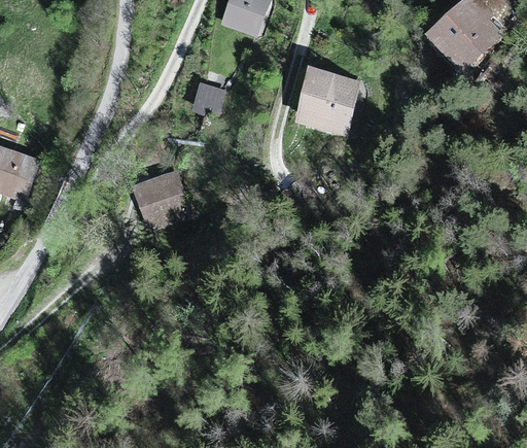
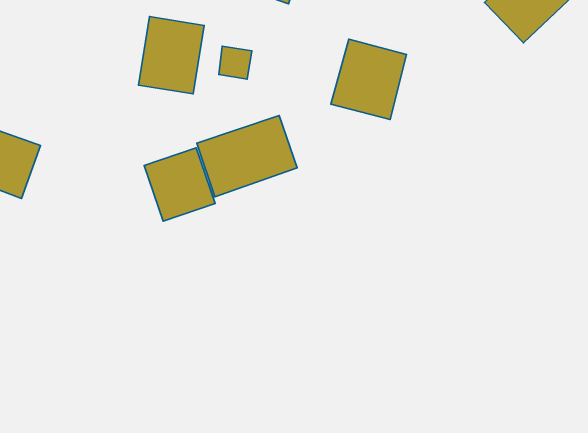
building: none -> [138,17,204,94]
building: none -> [197,116,297,197]

